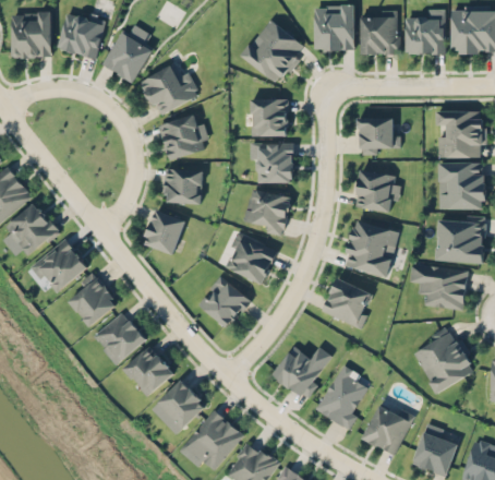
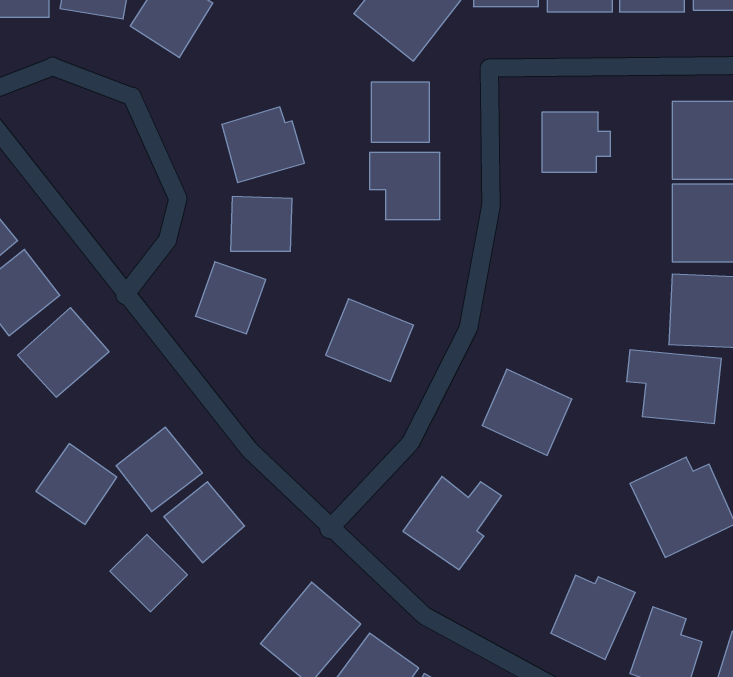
building: [141,65,200,116] -> none
building: [353,170,400,213] -> none
building: [244,189,290,236] -> none
building: [342,219,399,277] -> none
building: [65,275,116,325] -> [36,444,117,525]
building: [197,275,251,329] -> none
building: [315,364,372,429] -> none
building: [158,379,206,427] -> [110,534,187,612]

